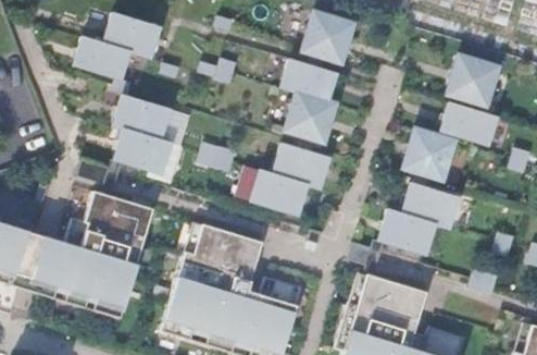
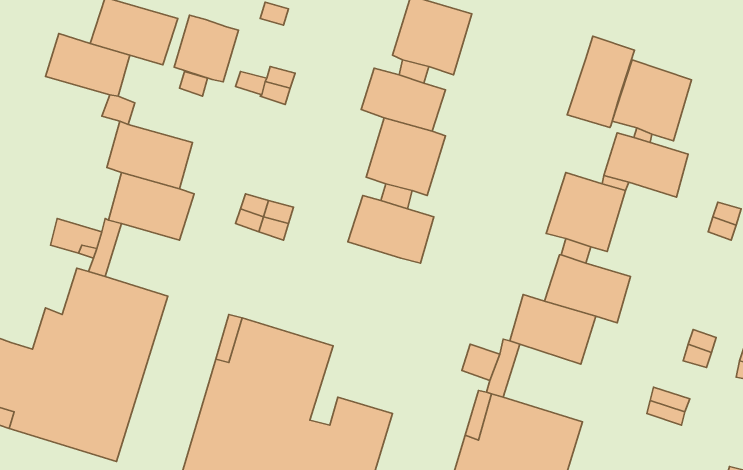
building: none -> [174,15,239,82]
building: none -> [567,36,634,127]
building: [251,169,308,215] -> none

